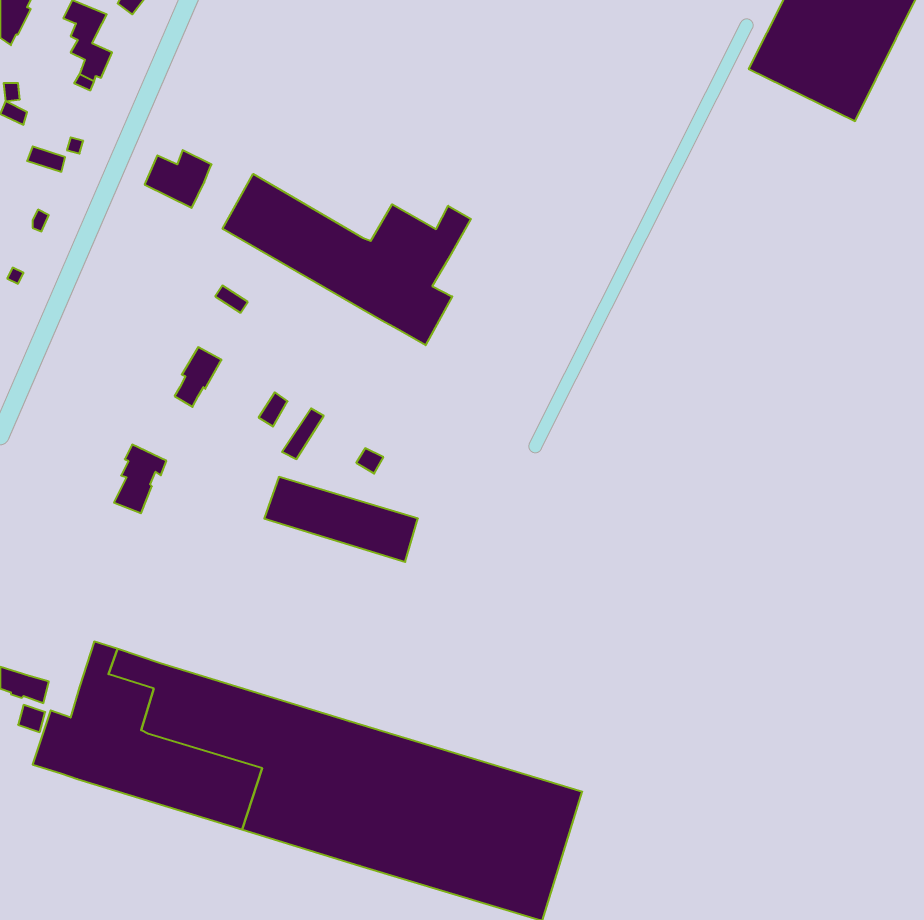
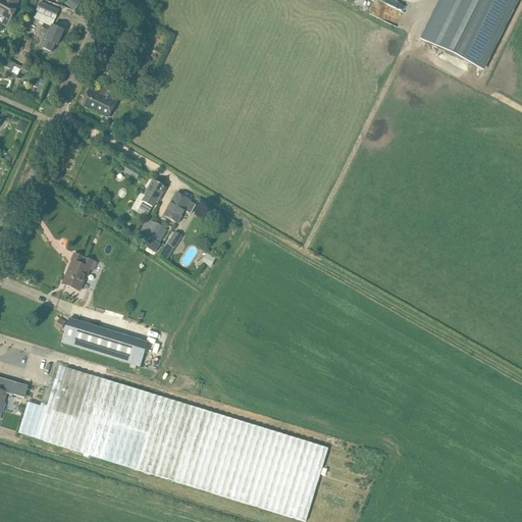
building: [223,174,471,345] -> none
building: none -> [164,191,196,221]
building: [175,347,222,407] -> [140,178,166,212]
building: [264,477,418,562] -> [61,317,148,365]

